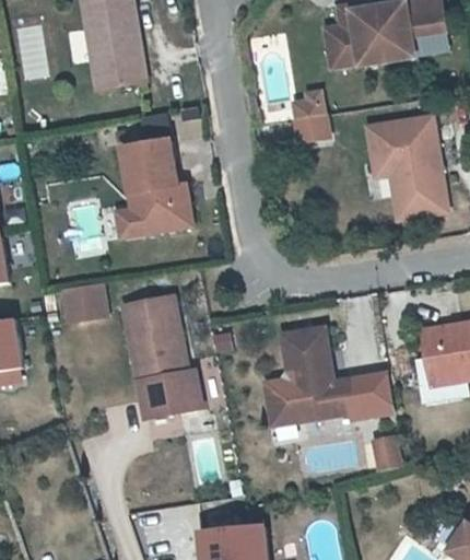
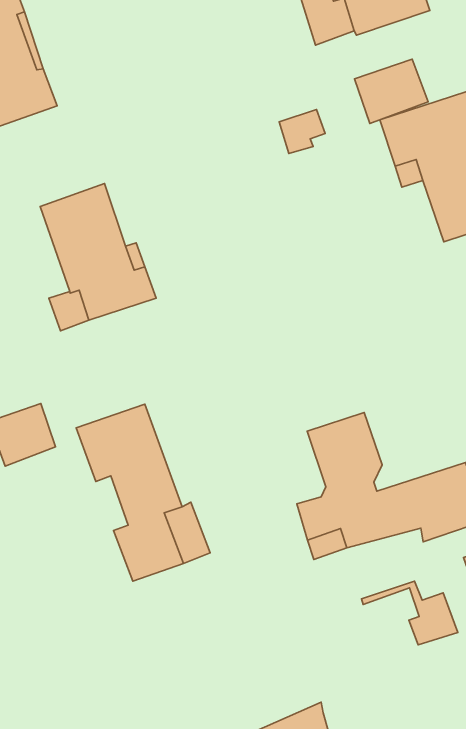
building: none -> [354,59,428,123]
building: none -> [362,581,458,645]

